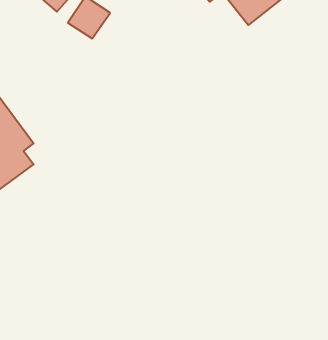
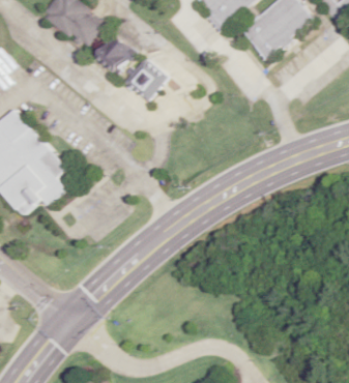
building: none -> [122,58,166,101]

